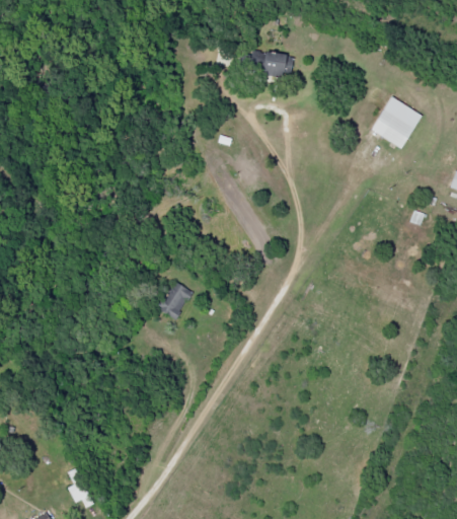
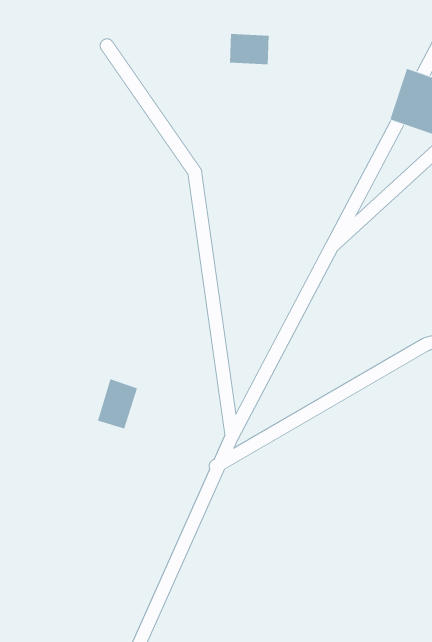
building: [158,281,192,319] -> [97,379,138,429]

